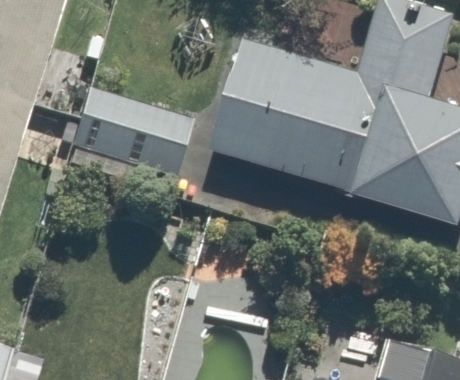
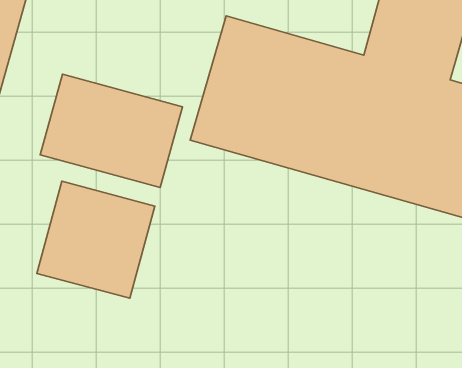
building: none -> [37,181,155,298]

